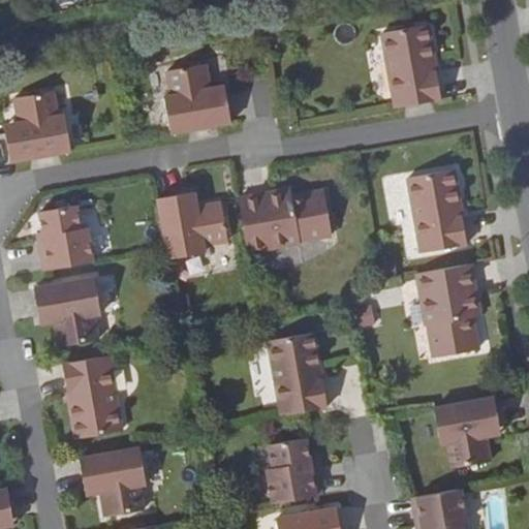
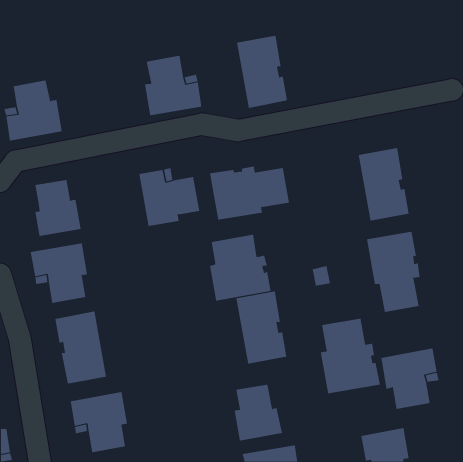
building: [382,24,441,107] -> [236,35,288,109]
building: none -> [210,234,271,301]
building: none -> [320,318,380,394]

